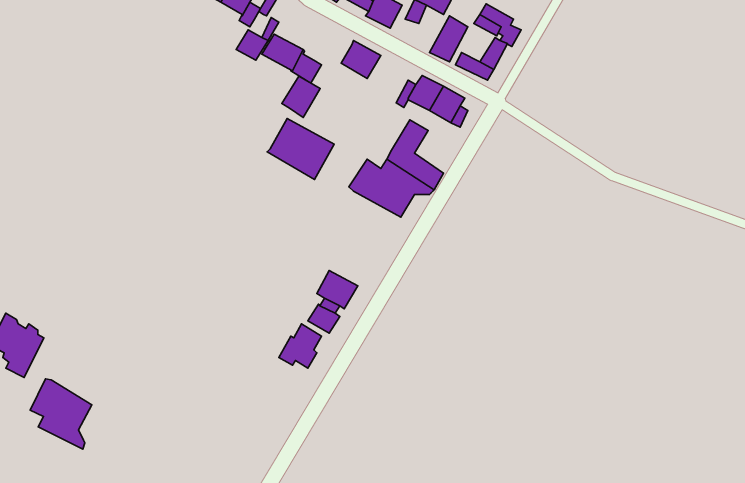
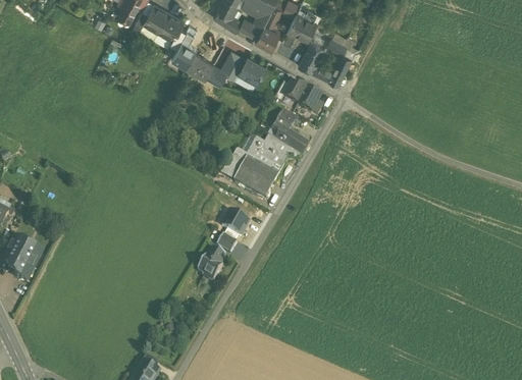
building: [282,76,320,117] -> [219,53,245,80]
building: [267,118,334,179] -> [232,159,277,200]
building: [30,379,92,449] -> none

